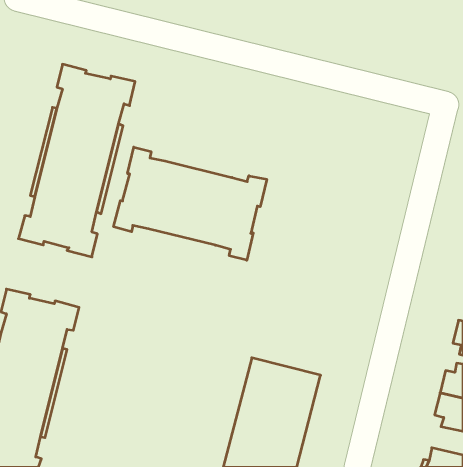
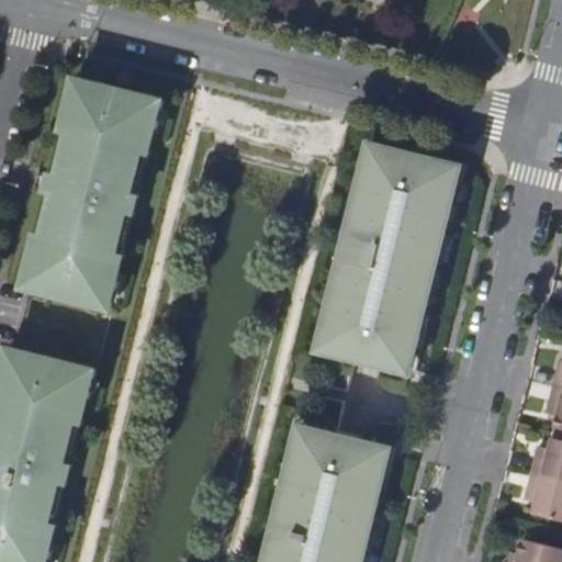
building: none -> [322,146,453,364]
building: [114,147,267,260] -> none

